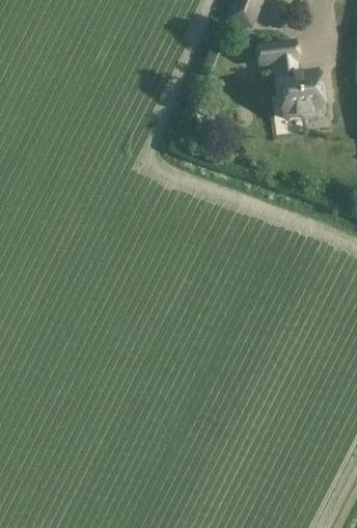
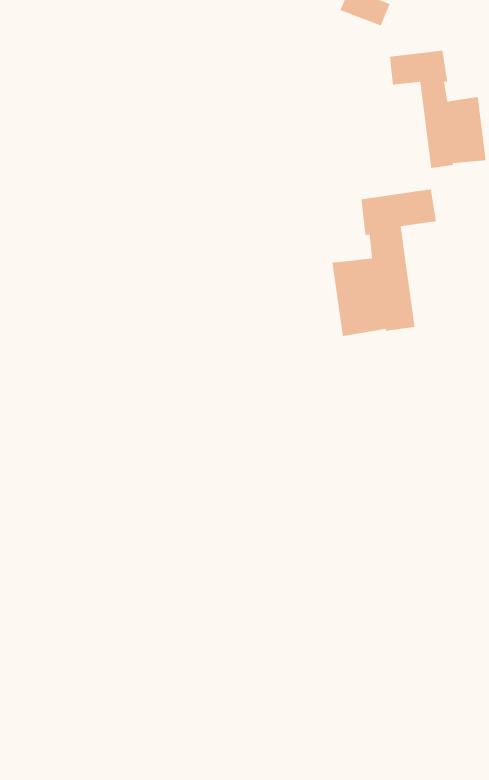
building: none -> [332,188,436,337]

